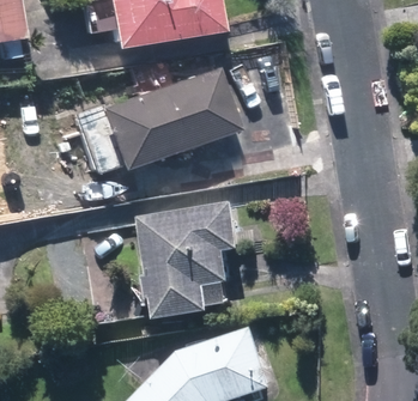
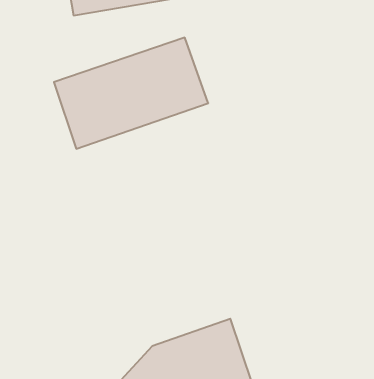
building: [138,203,236,320] -> none

